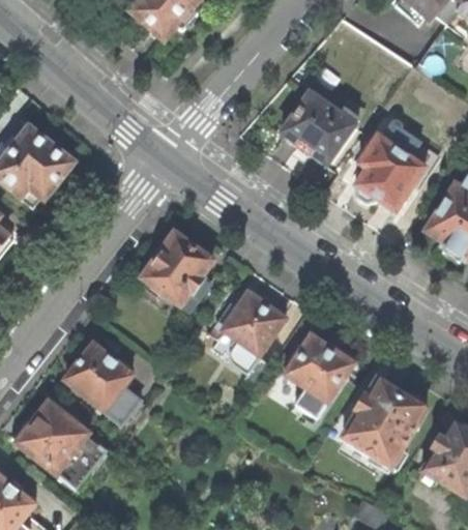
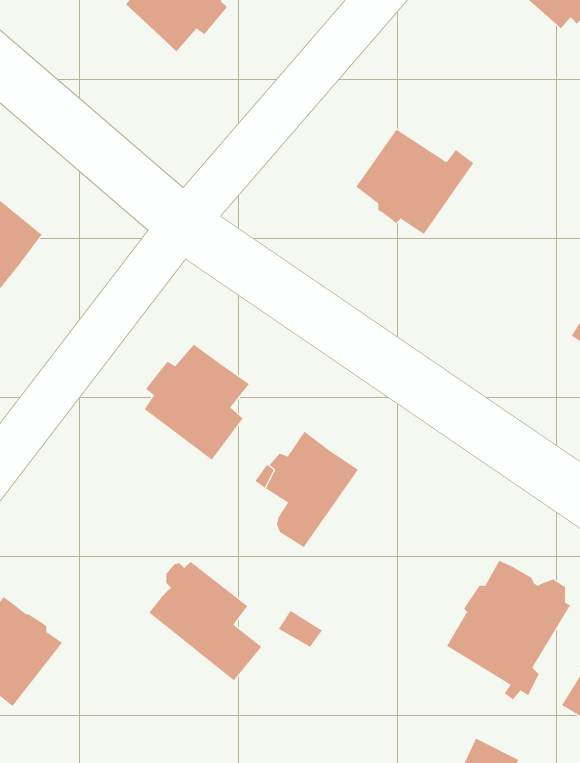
building: [355,118,421,208] -> none
building: [285,335,352,415] -> none
building: [64,345,140,424] -> [148,561,262,681]

